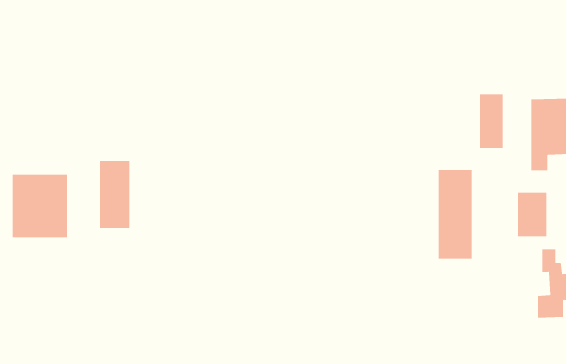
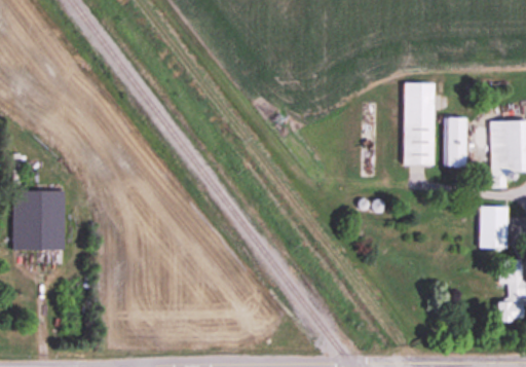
building: [99,160,130,229] -> none
building: [438,170,473,259] -> [403,82,435,164]

